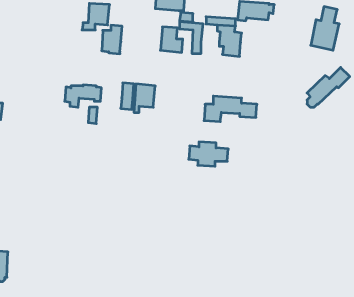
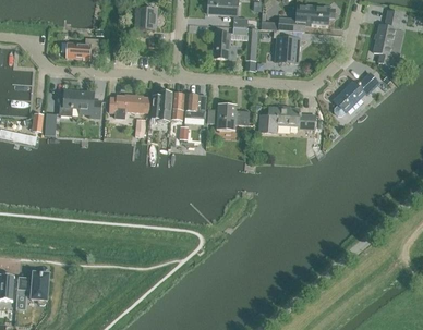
building: [102,25,122,54] -> [150,90,172,121]
building: none -> [65,37,98,59]
building: [307,67,350,107] -> [334,72,379,114]
building: none -> [60,89,101,117]
building: [189,142,228,166] -> [207,103,250,130]

